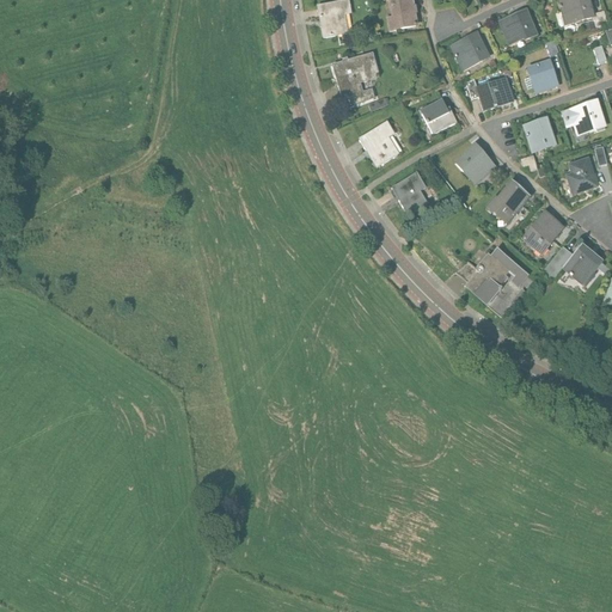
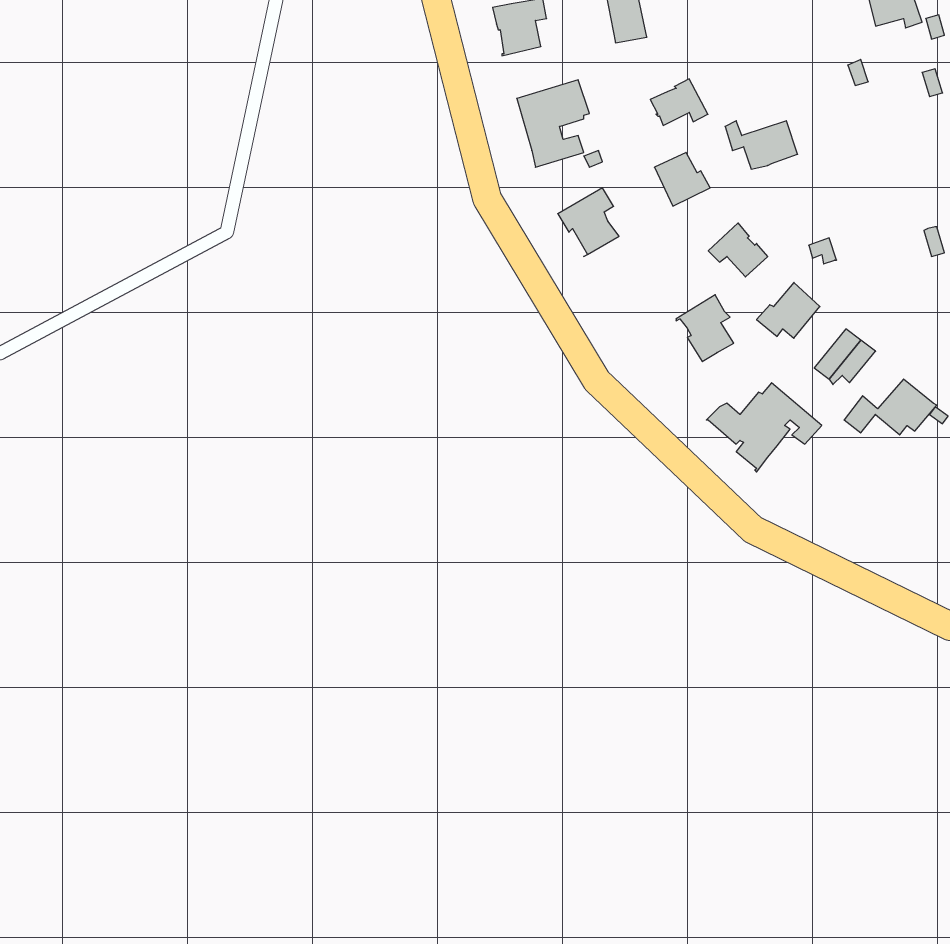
building: [500,10,536,38] -> none
building: [451,32,488,62] -> [650,79,708,125]
building: [527,60,557,92] -> none
building: [562,100,604,130] -> none
building: [522,117,555,149] -> none
building: [569,158,596,192] -> none
building: [391,171,428,214] -> [676,295,734,362]

